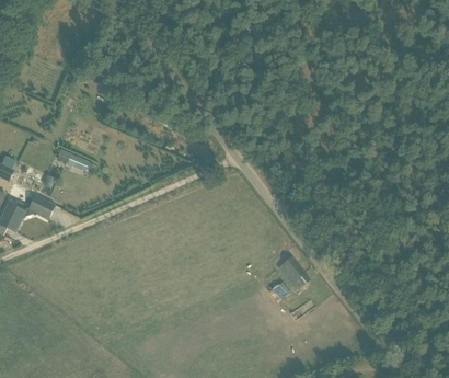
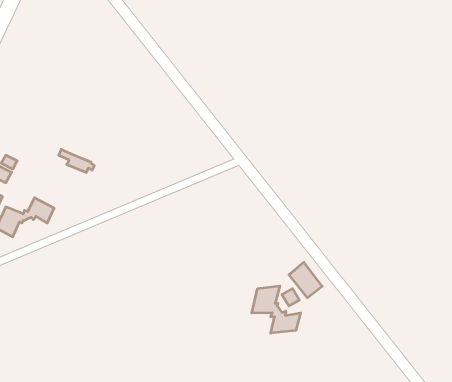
building: none -> [252,286,301,333]

